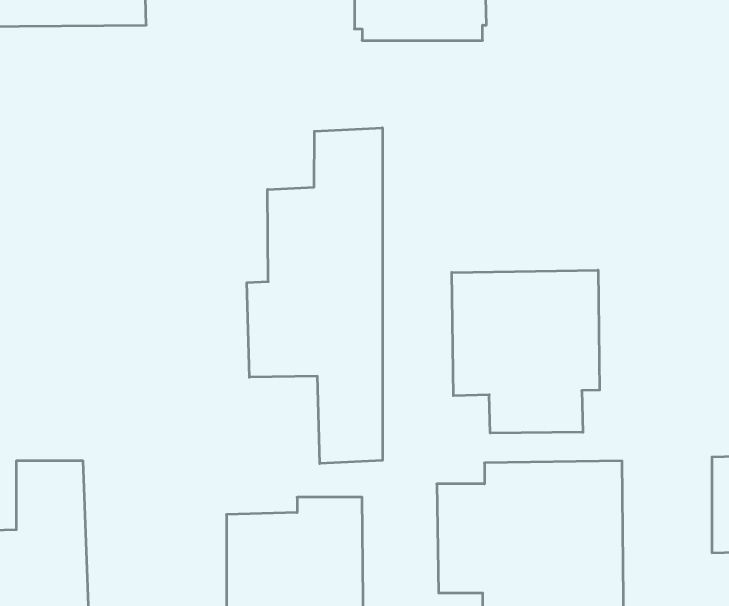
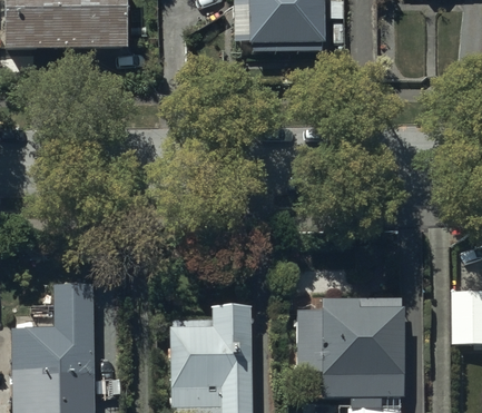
building: [247,128,382,464] -> none
building: [452,270,600,433] -> none

